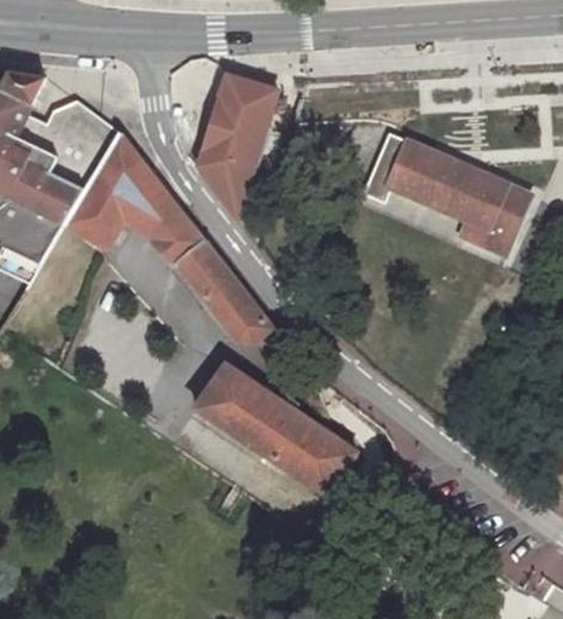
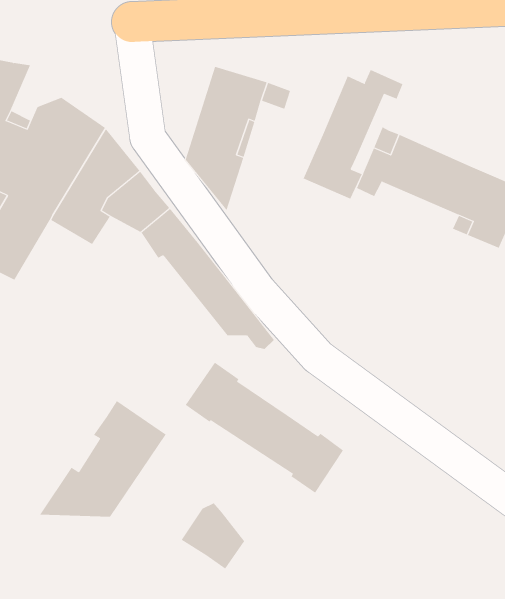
building: none -> [303,69,403,200]
building: none -> [39,400,166,518]
building: none -> [181,502,245,569]

